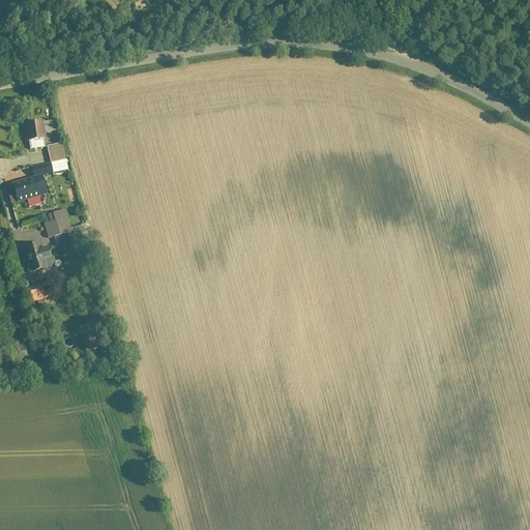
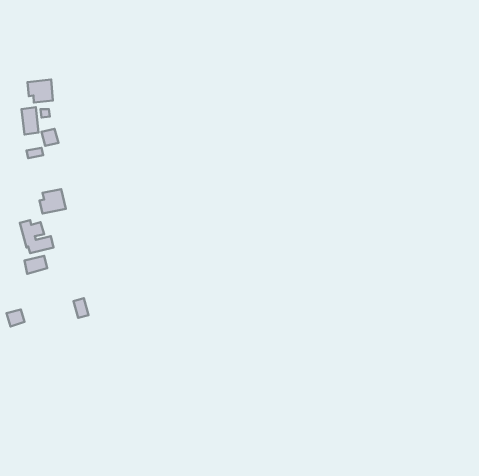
building: none -> [27,80,53,103]
building: [8,174,49,205] -> none

